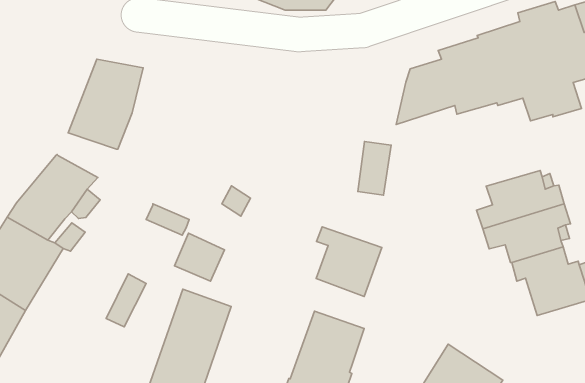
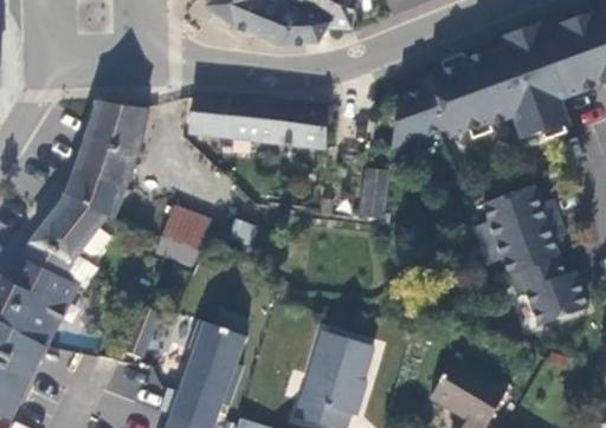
building: none -> [188,95,328,149]
building: none -> [69,174,124,218]
building: [316,227,382,296] -> none
building: [174,233,225,281] -> [162,206,209,251]

